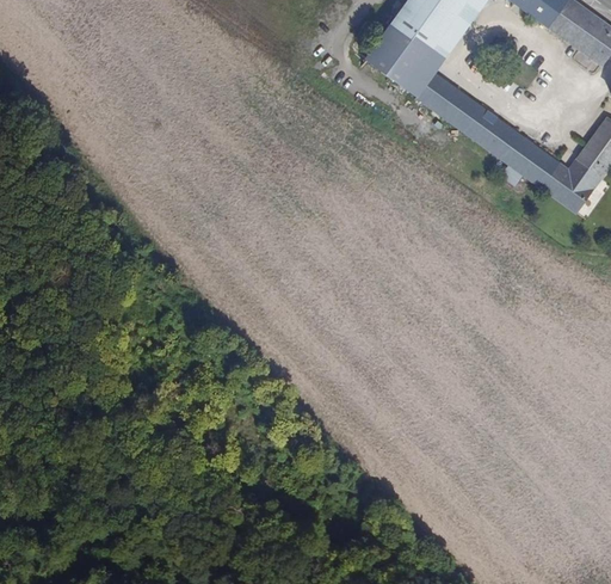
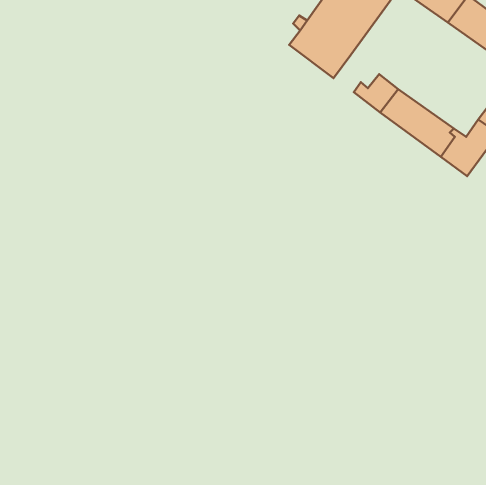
building: [415,69,469,113] -> none

